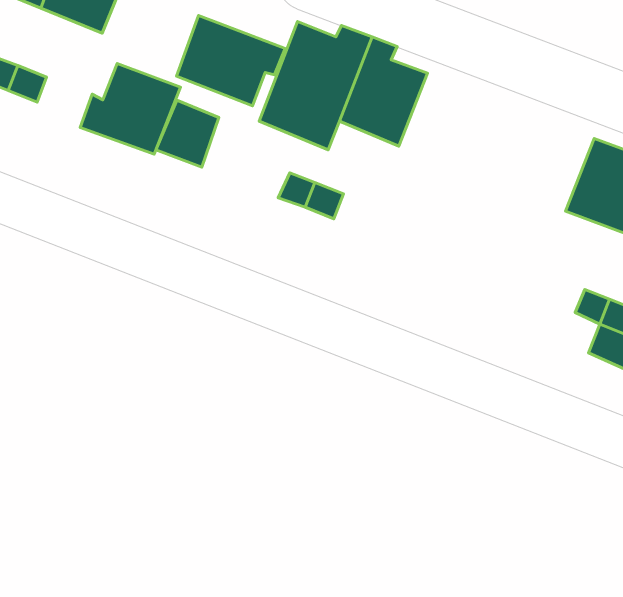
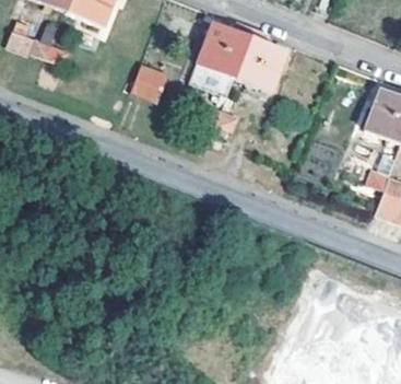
building: [176,16,285,106] -> none
building: [80,64,180,154] -> none

